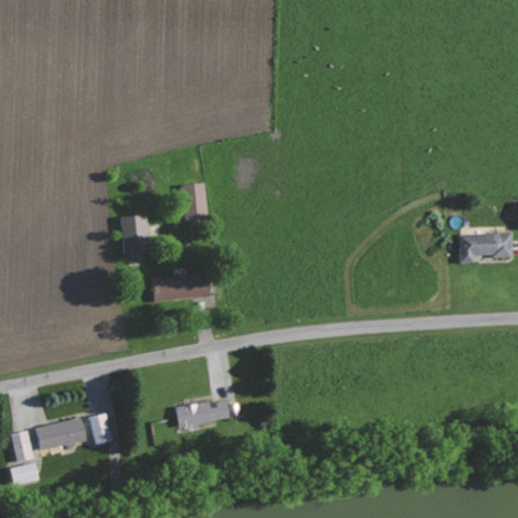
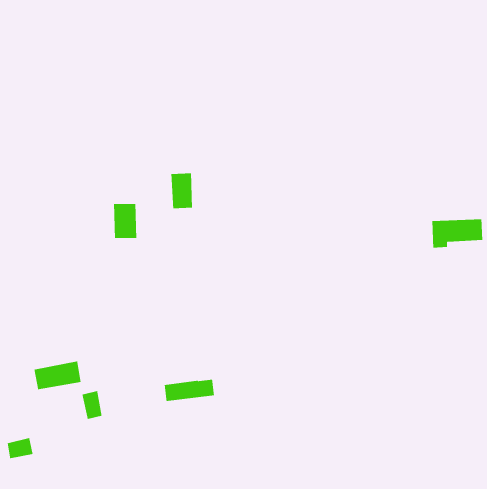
building: [152,271,210,303] -> none
building: [35,418,86,449] -> [34,360,82,390]
building: [11,431,33,461] -> none

